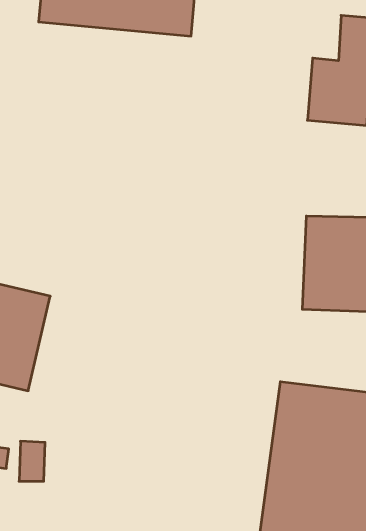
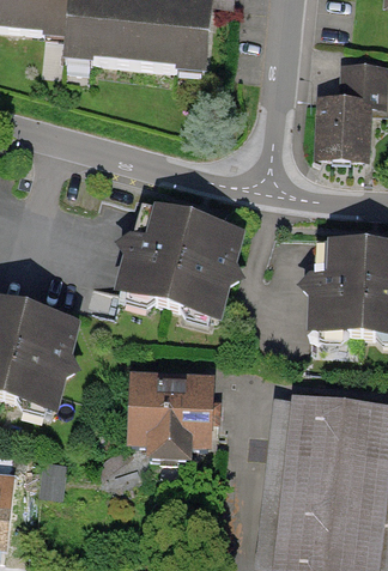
building: none -> [119,207,241,316]
building: none -> [127,375,214,448]

